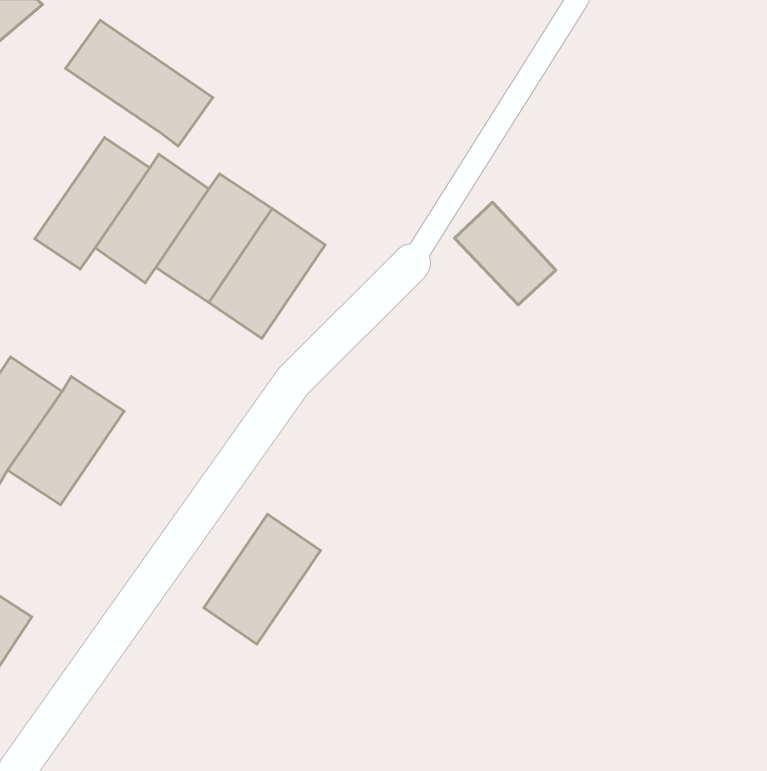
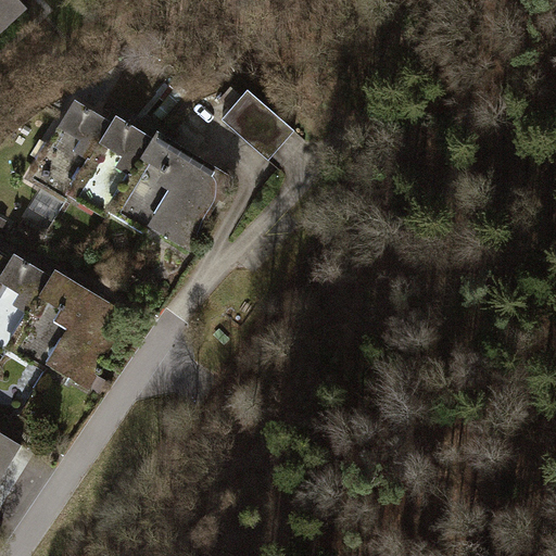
building: [65,20,213,146] -> none
building: [455,202,556,305] -> [218,86,291,160]
building: [204,514,320,644] -> [43,295,127,389]

